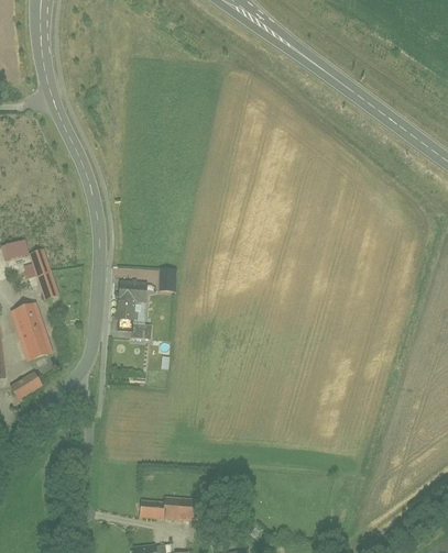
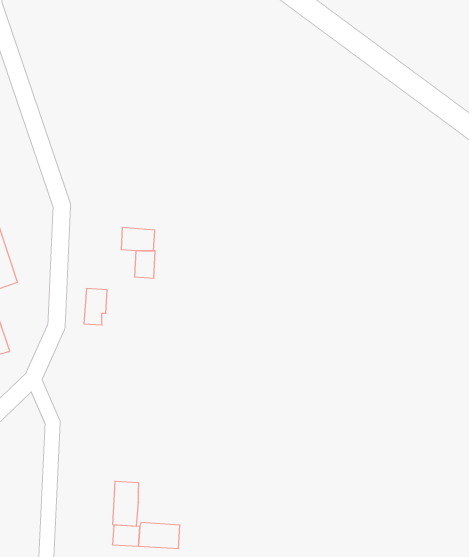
building: [118,280,146,300] -> [121,227,155,251]
building: none -> [113,481,138,526]

